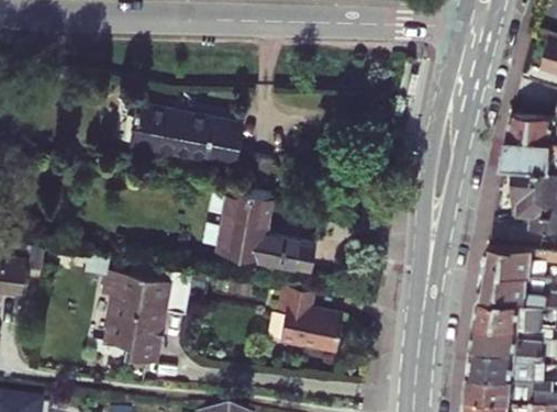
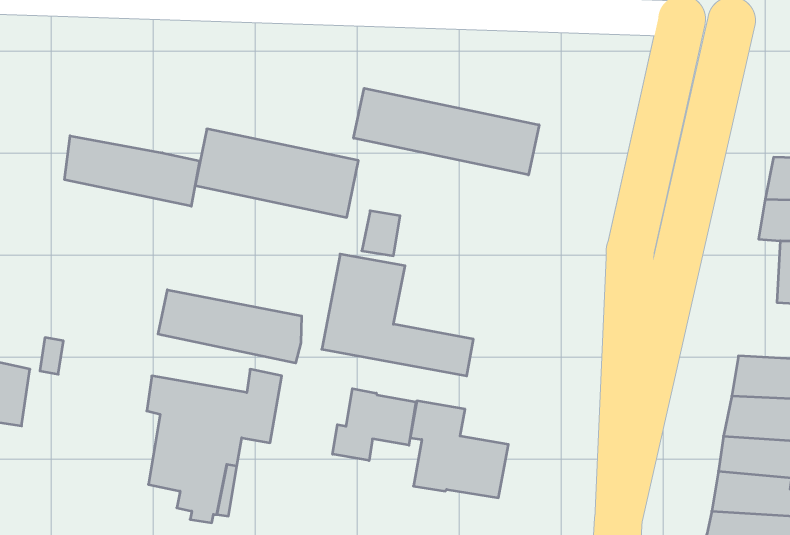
building: none -> [354,88,539,175]
building: none -> [65,136,200,206]
building: none -> [158,290,302,363]
building: none -> [333,389,416,461]

